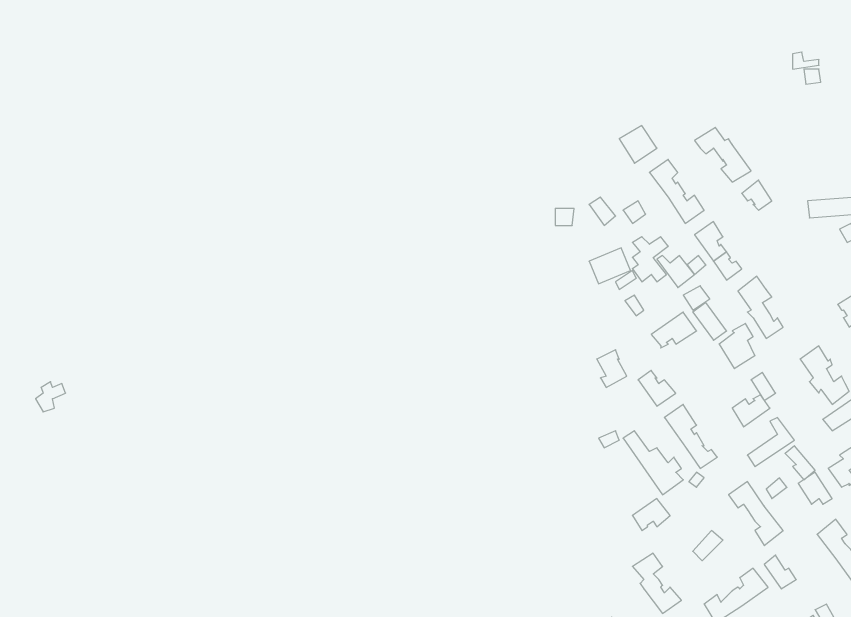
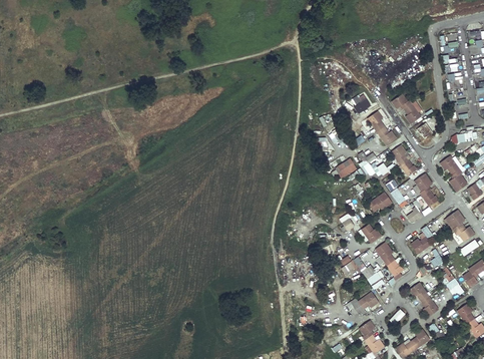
building: none -> [440,155,467,192]

